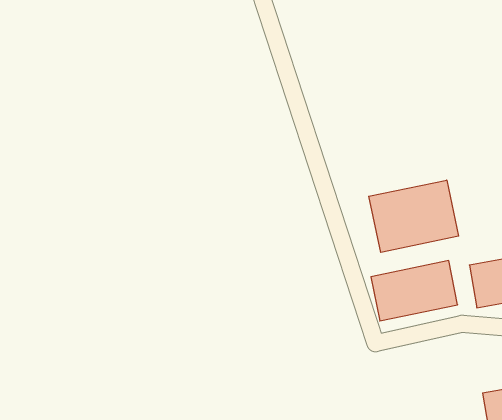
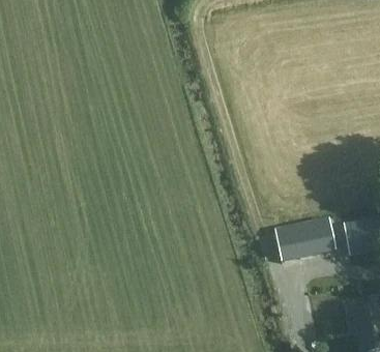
building: [369,180,459,252] -> none

